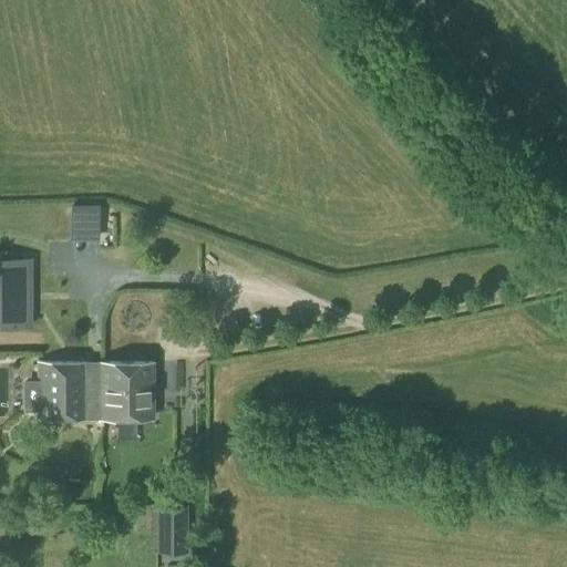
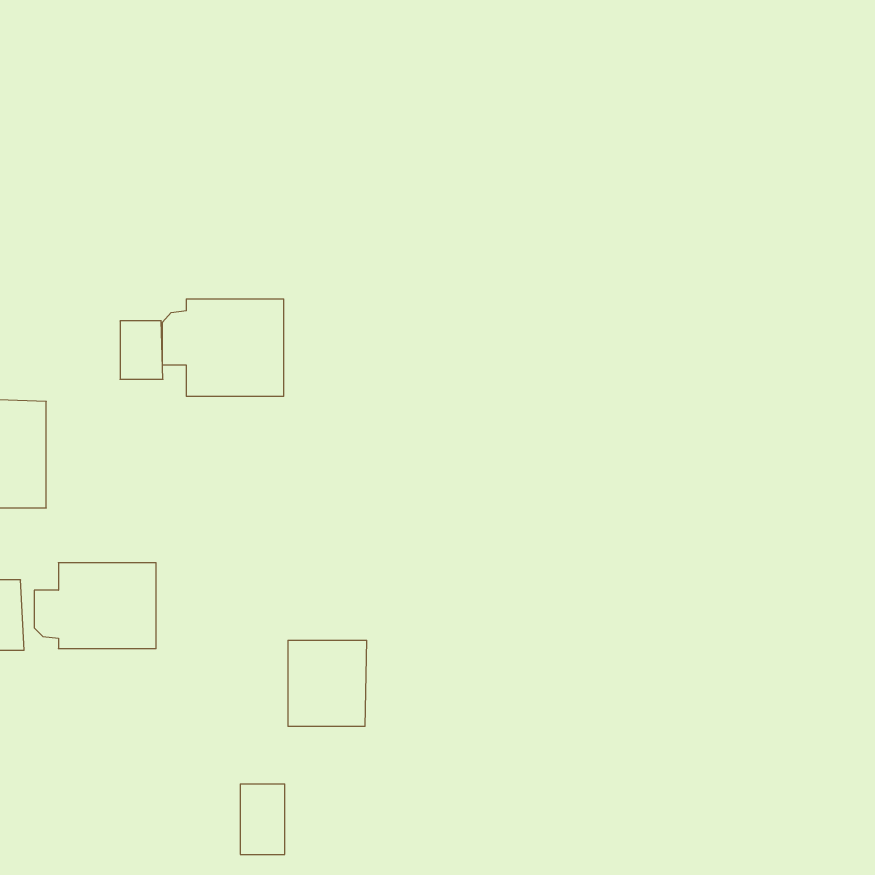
building: none -> [163,299,284,396]
building: [101,364,152,420] -> [288,640,367,726]

